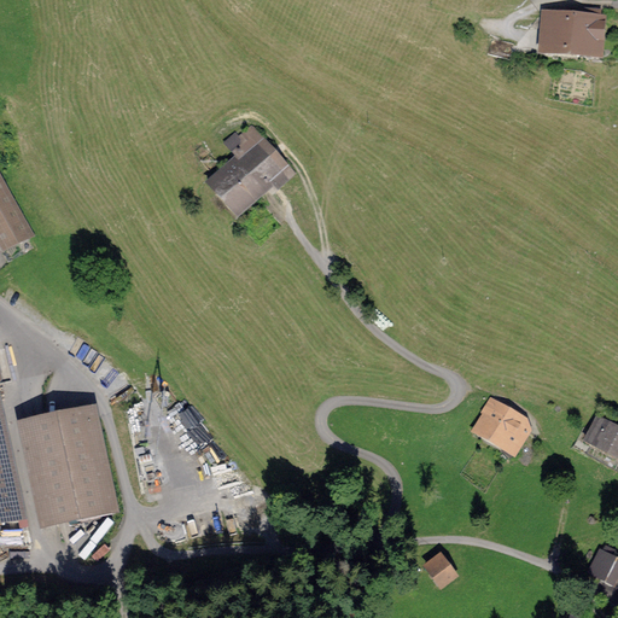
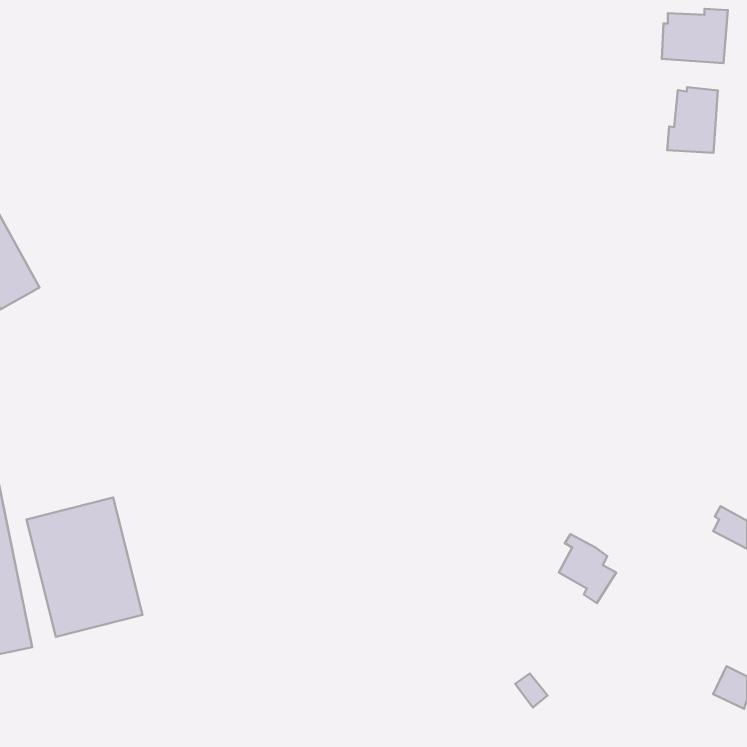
building: none -> [667,87,718,153]
building: [204,123,295,220] -> none
building: [479,398,526,455] -> [559,534,616,603]

